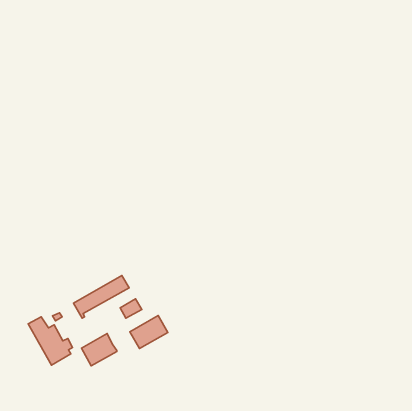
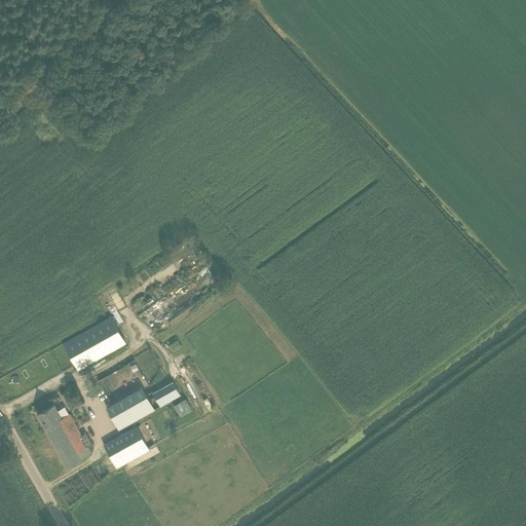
building: none -> [63,315,126,369]
building: [130,316,168,349] -> [104,389,152,431]

